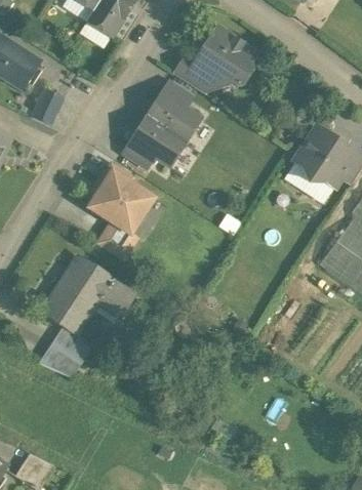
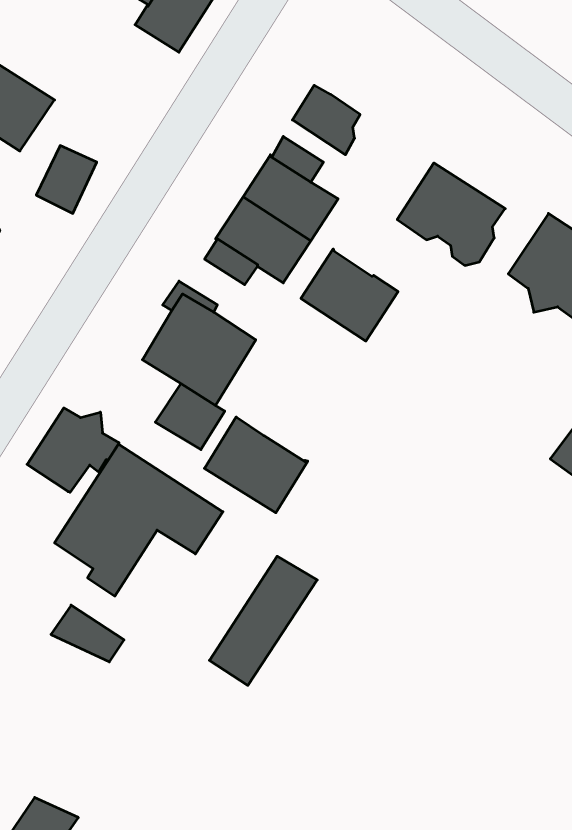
building: [196,28,256,85] -> [397,163,505,265]
building: none -> [301,249,398,341]
building: none -> [27,408,119,492]
building: none -> [204,417,308,513]
building: none -> [209,556,317,685]
building: [50,330,89,365] -> none

